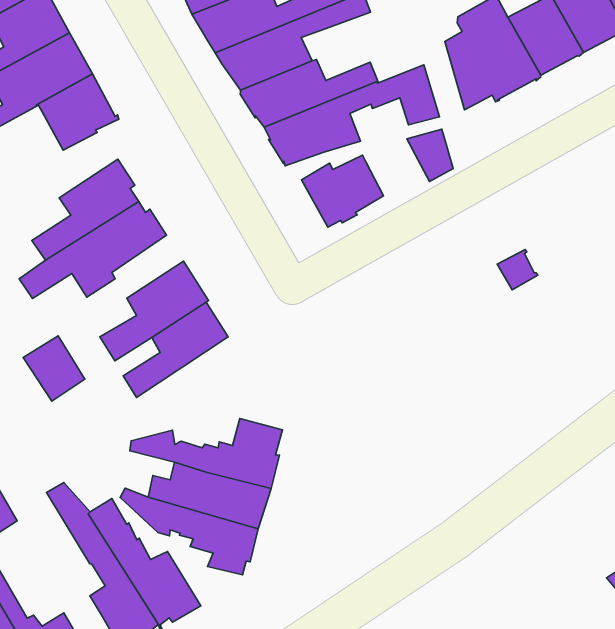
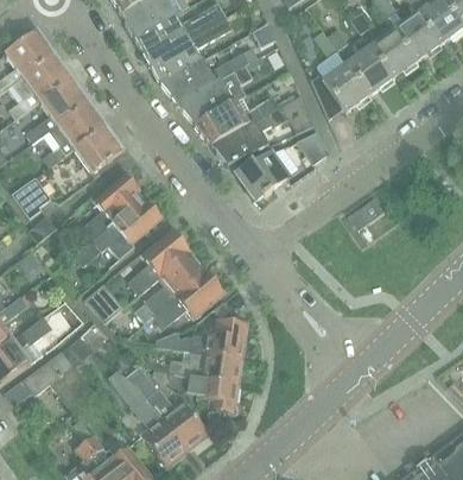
building: none -> [156,270,224,326]

